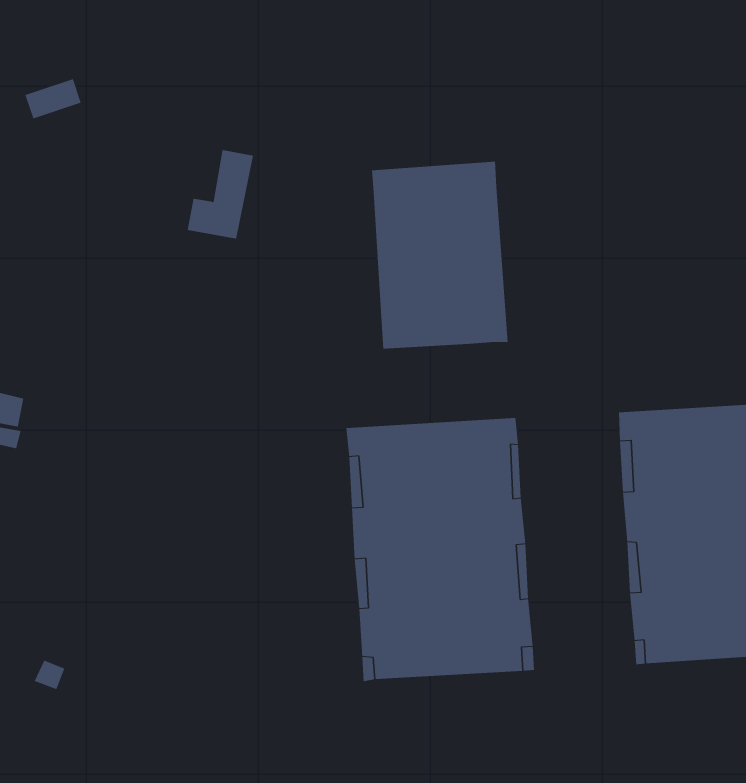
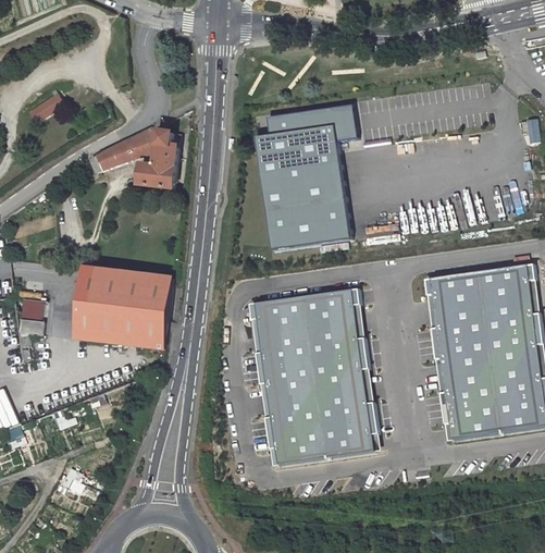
building: none -> [264,105,356,140]
building: none -> [87,130,153,173]
building: none -> [74,268,170,348]

